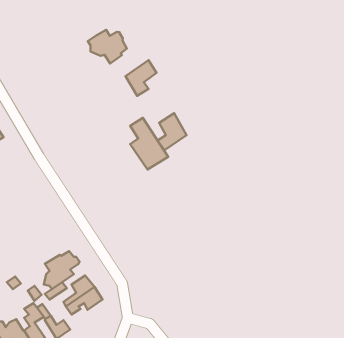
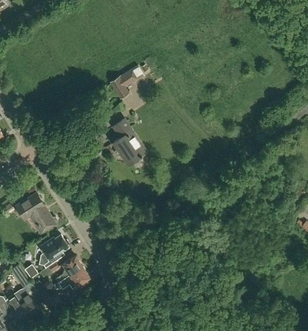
building: [88,30,127,63] -> none
building: [157,113,187,150] -> none
building: none -> [16,193,58,233]

